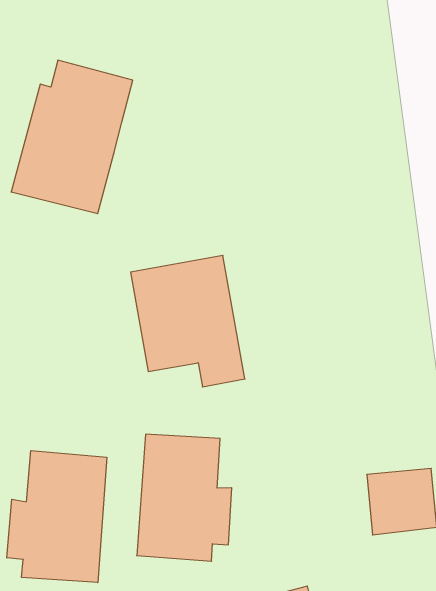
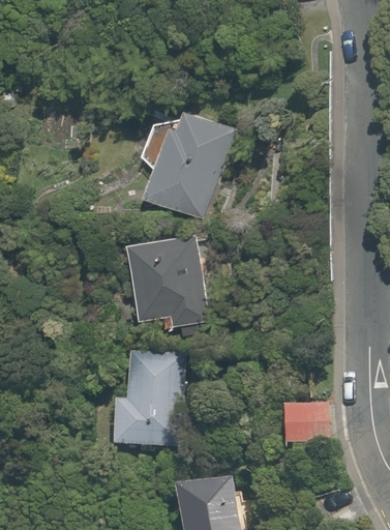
building: [11,60,133,214] -> [139,107,235,219]
building: [7,451,107,583] -> none

